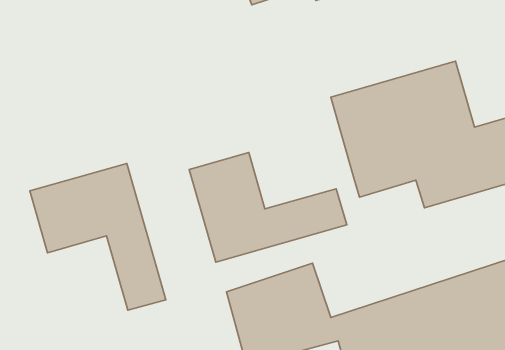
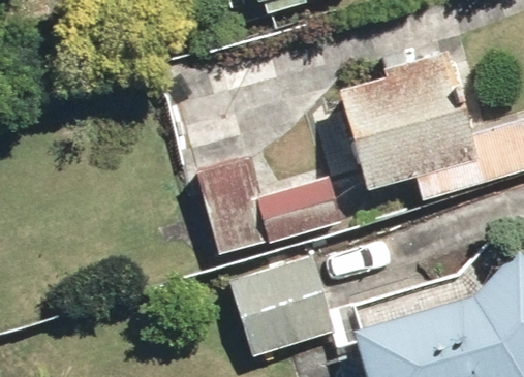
building: [30,163,166,310] -> none

